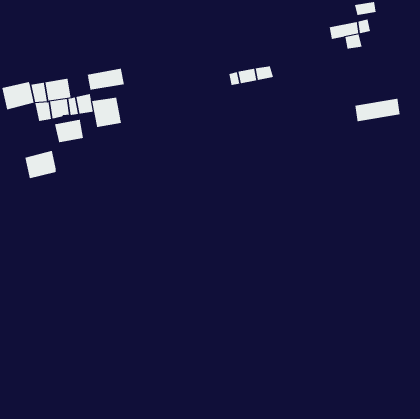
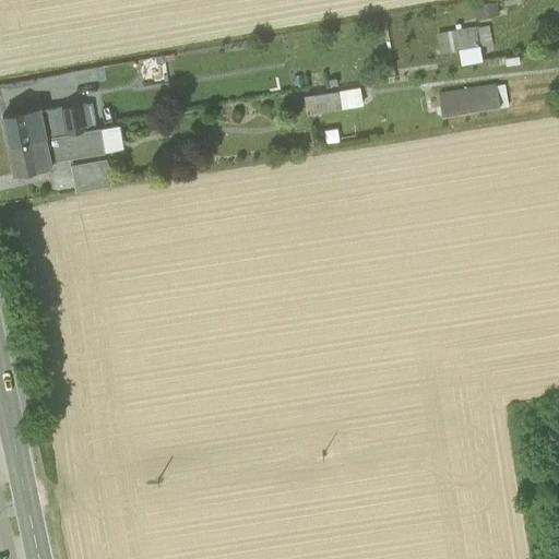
building: [87,68,124,91] -> none
building: [92,97,121,128] -> none
building: [355,98,401,122] -> [440,85,501,117]
building: [24,150,56,179] -> [9,138,51,176]

